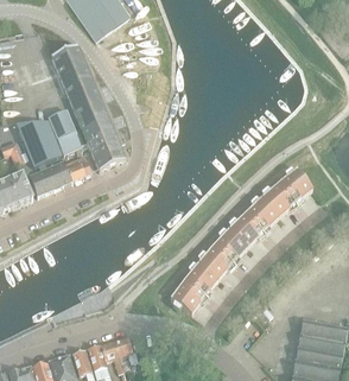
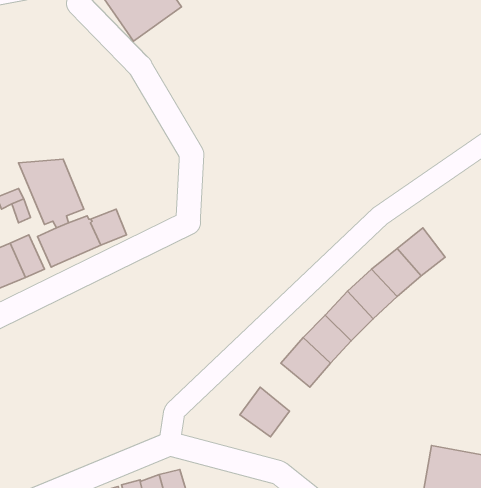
building: [50,44,125,170] -> none
building: [49,109,81,152] -> none
building: [183,262,217,296] -> none

